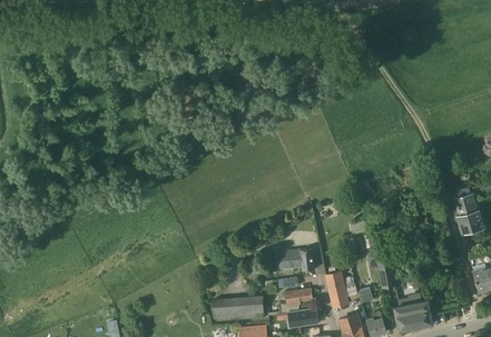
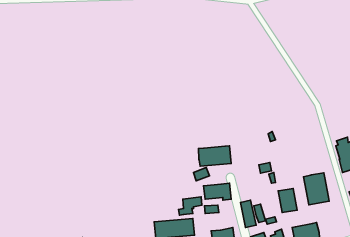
building: none -> [198,146,231,166]
building: none -> [304,173,329,205]
building: [281,289,312,314] -> [179,197,202,215]

